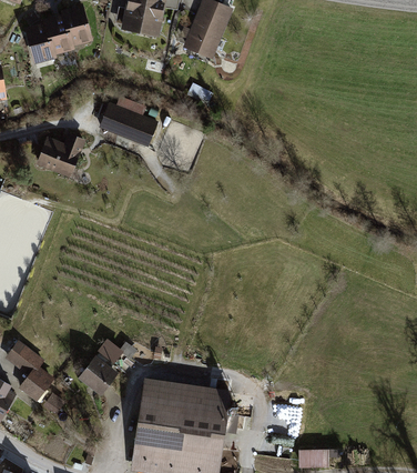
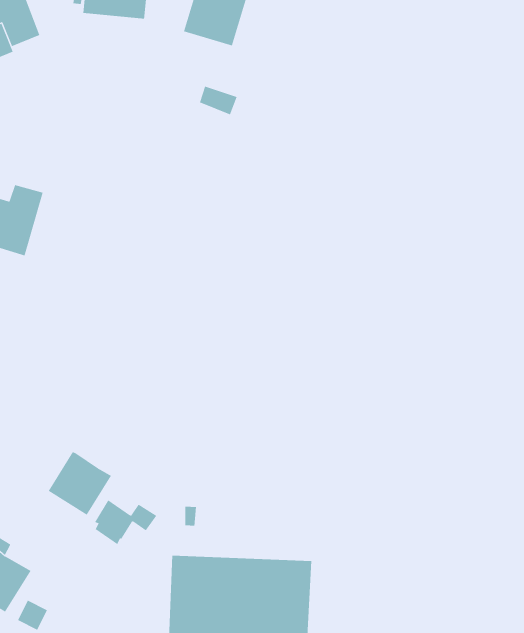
building: [99,98,157,147] -> none
building: [77,353,118,394] -> [48,451,112,515]

